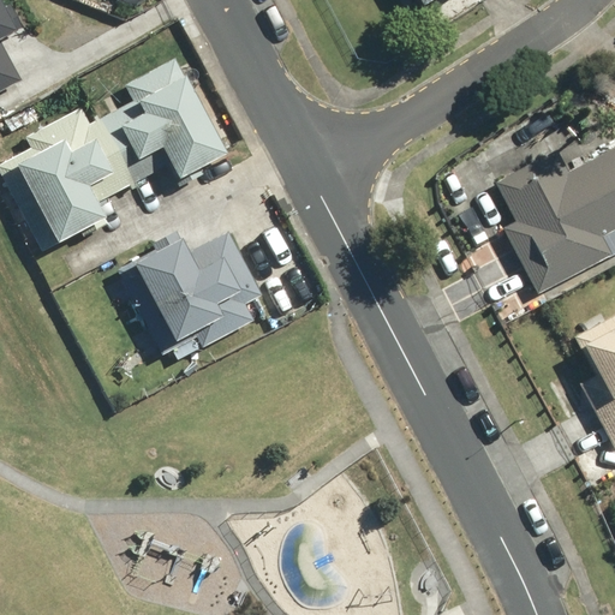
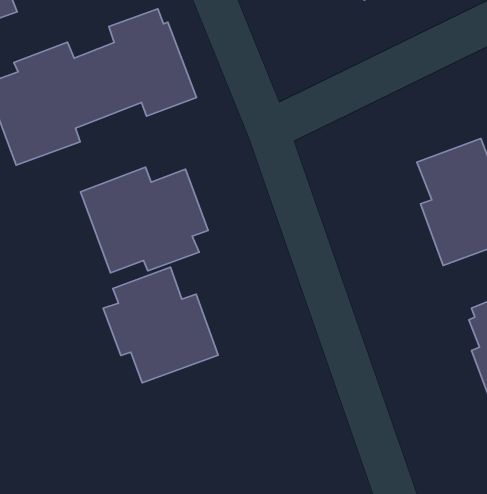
building: none -> [103,267,218,383]

